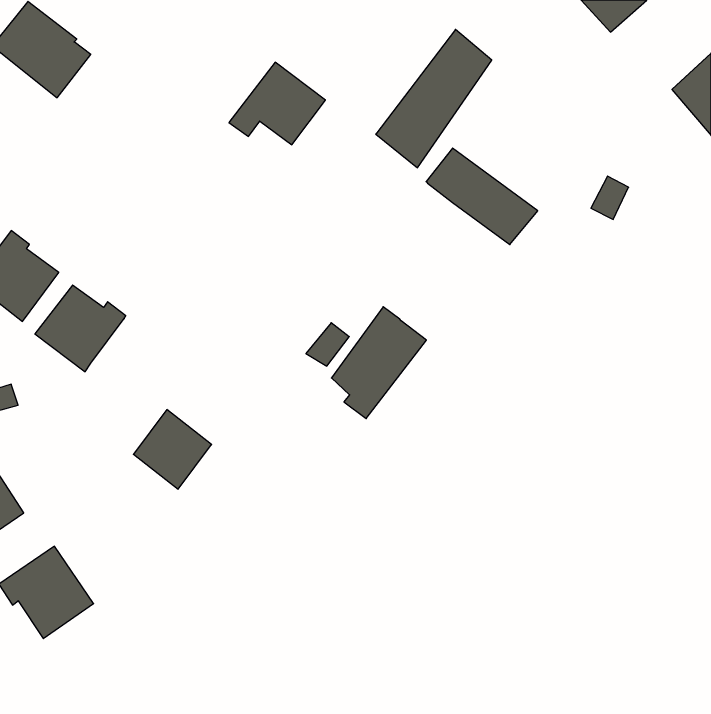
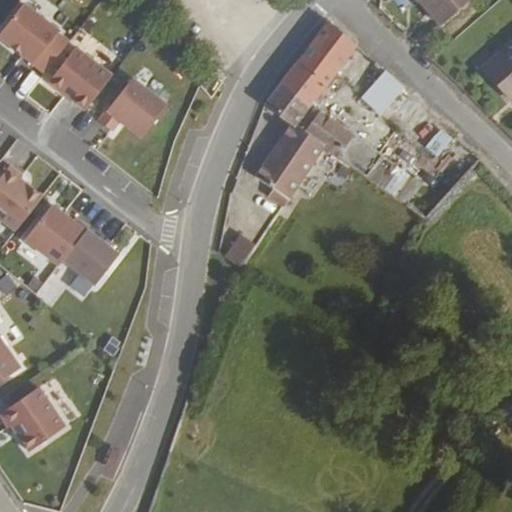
building: none -> [45,43,110,108]
building: [229,62,325,145] -> [98,76,167,135]
building: none -> [363,79,402,119]
building: [331,307,426,419] -> [256,121,324,201]
building: [133,410,212,489] -> [65,228,121,285]

